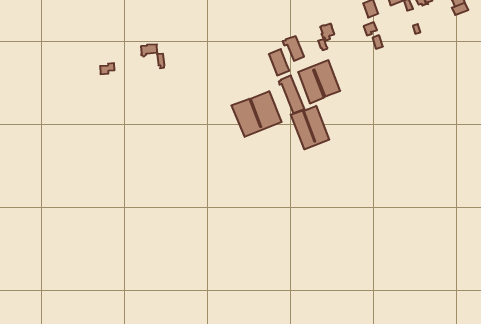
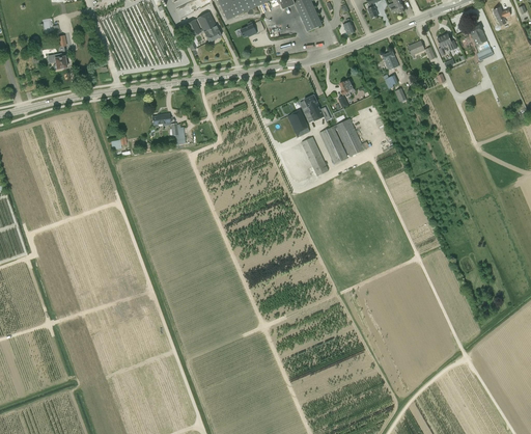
building: [231,91,282,137] -> none
building: [291,106,329,149] -> none

